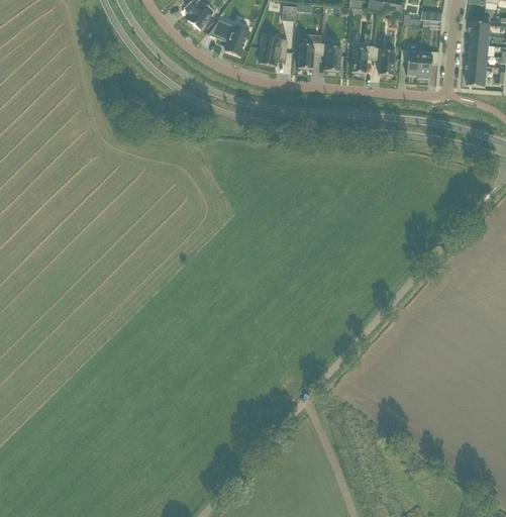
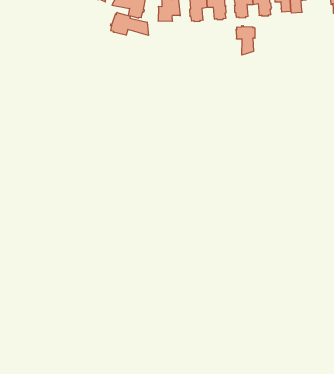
building: none -> [111,12,148,35]
building: none -> [236,26,255,55]

